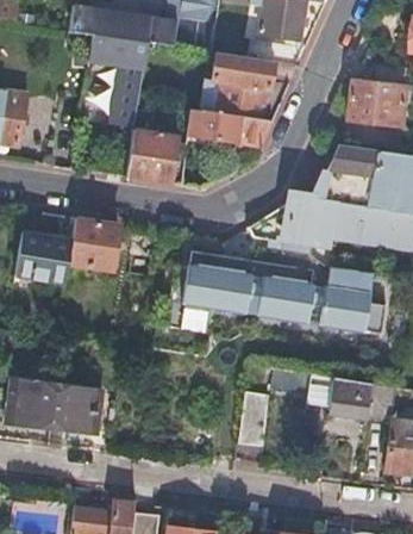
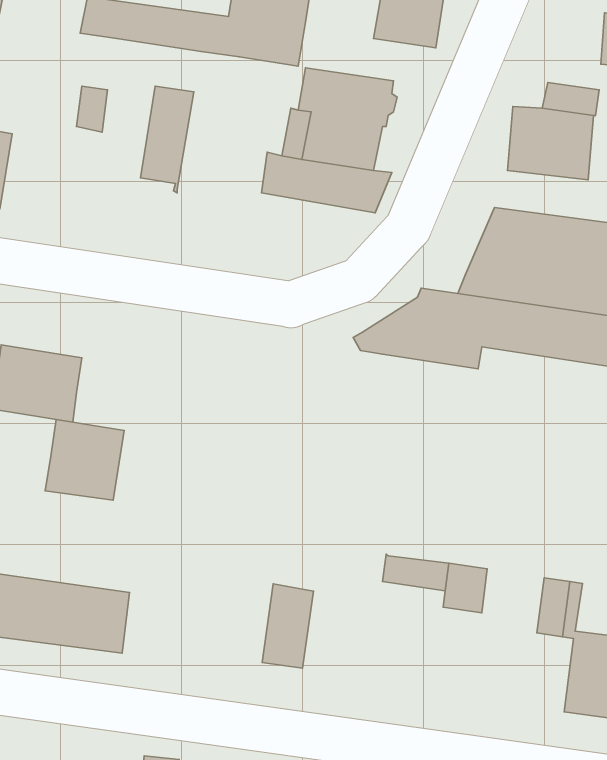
building: [89,33,149,68] -> none
building: [126,131,177,184] -> none
building: [68,217,119,269] -> [45,419,124,500]
building: [182,260,387,335] -> none
building: [330,378,371,420] -> none
building: [236,391,269,446] -> [262,584,314,668]

